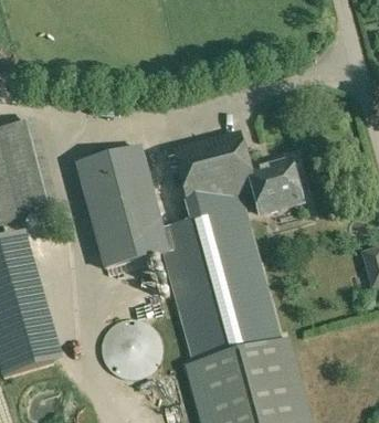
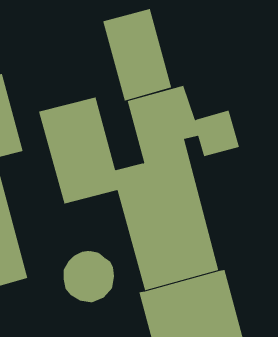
building: none -> [102,8,172,101]

